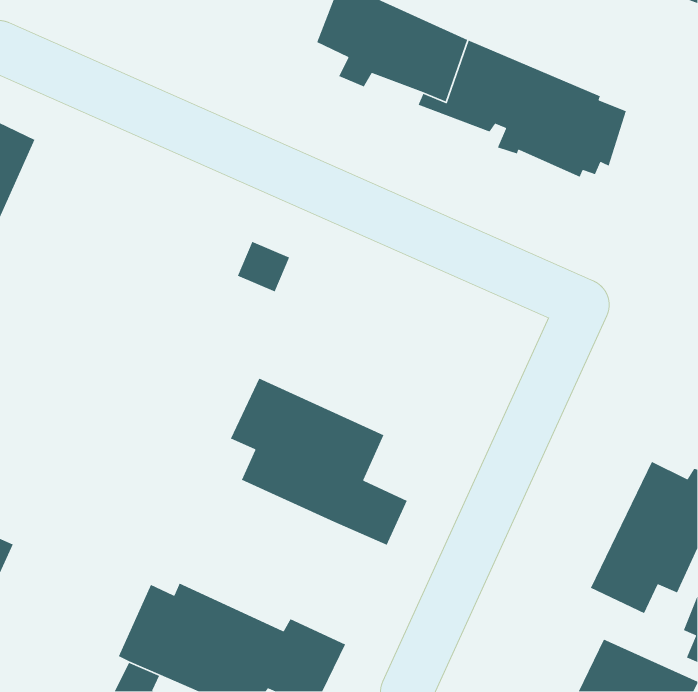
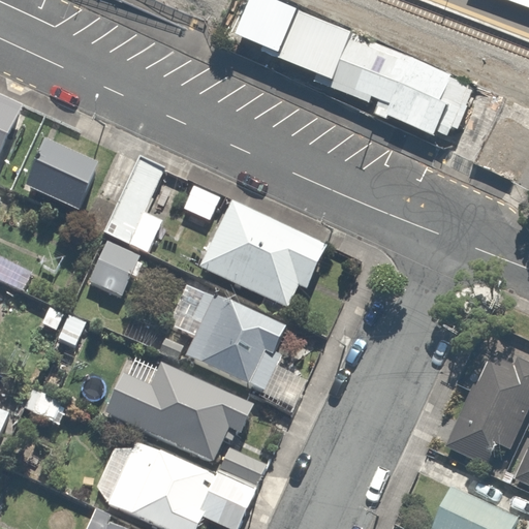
building: none -> [23,145,98,213]
building: none -> [85,159,167,297]
building: none -> [197,201,326,315]
building: none -> [103,362,259,463]

